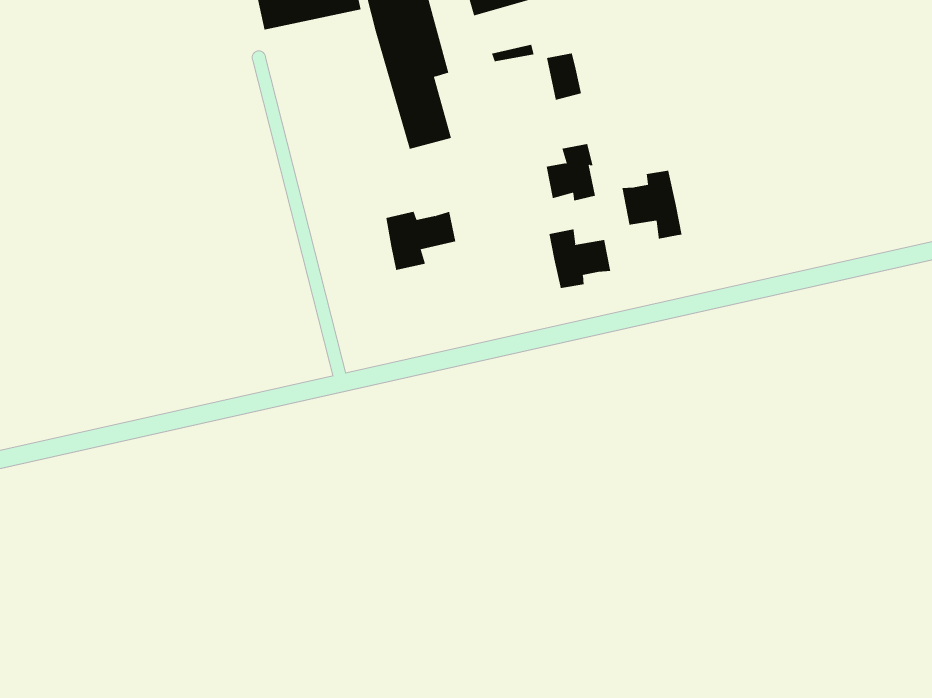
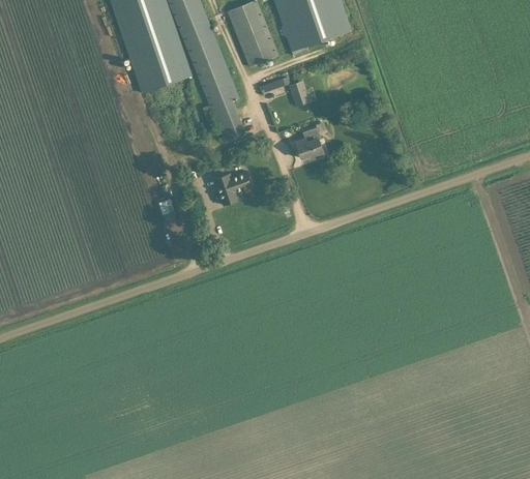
building: [622,170,682,240] -> none
building: [549,228,611,289] -> none

